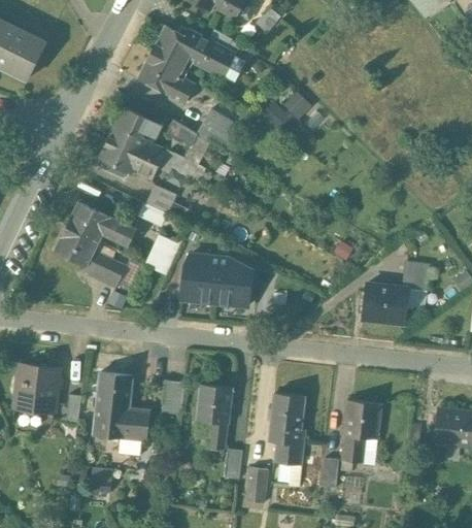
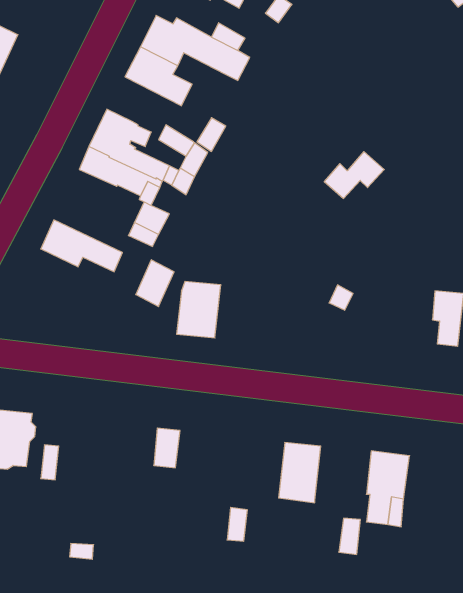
building: [260,88,311,128] -> [324,152,384,198]
building: [54,226,126,288] -> none
building: [214,257,250,306] -> none
building: [366,284,407,323] -> none
building: [93,372,148,455] -> none
building: [198,383,233,448] -> none
building: [275,440,304,464] -> none
building: [247,467,269,501] -> none

